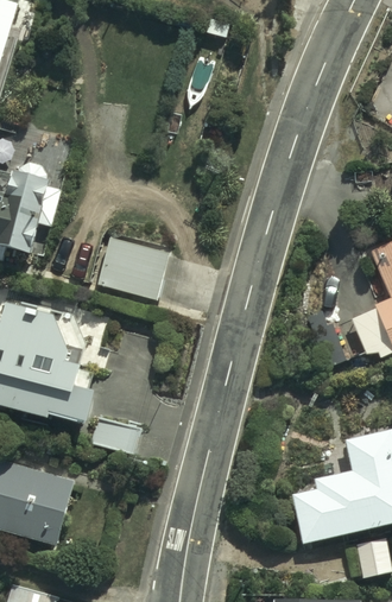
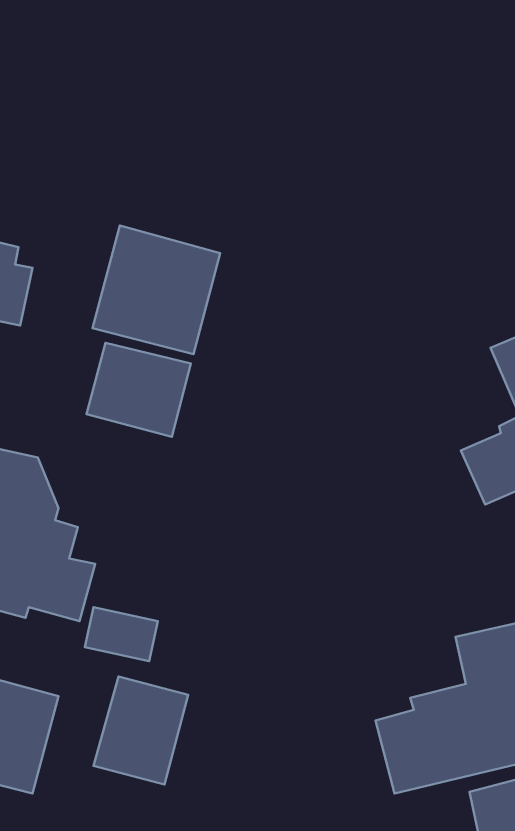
building: none -> [93,225,220,354]
building: none -> [94,677,188,785]

